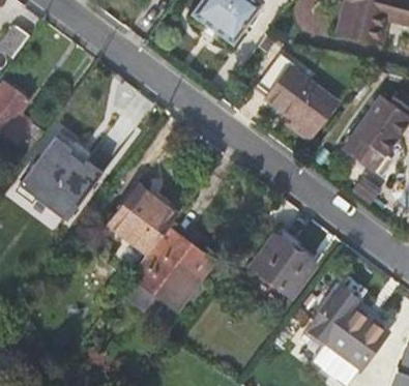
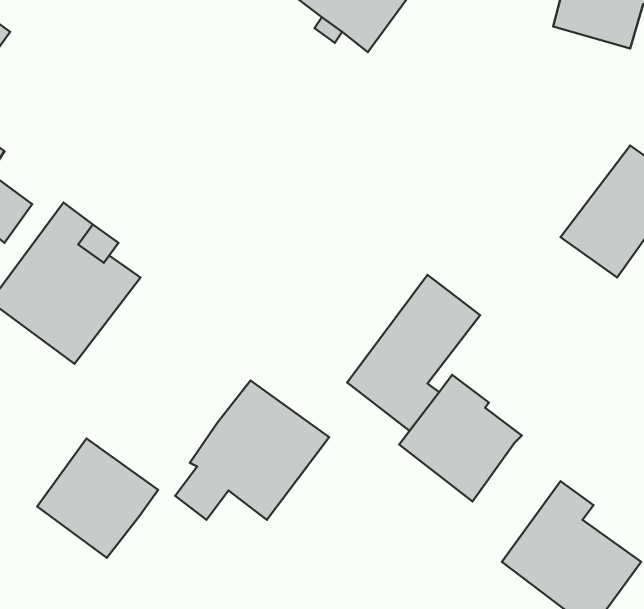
building: [258,52,338,137] -> none
building: none -> [347,275,480,431]
building: [109,186,177,254] -> [37,438,158,558]

